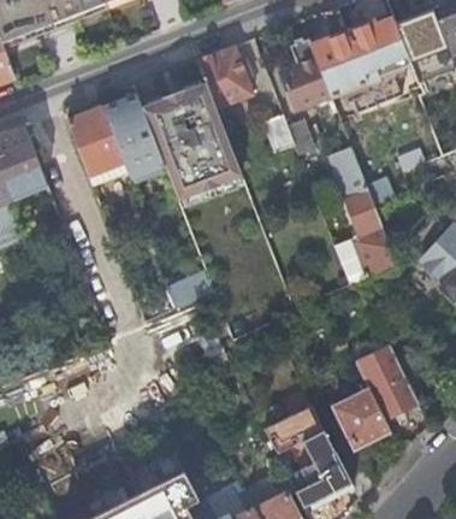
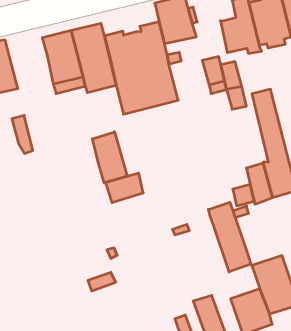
building: none -> [92,132,127,183]
building: none -> [208,202,251,272]

